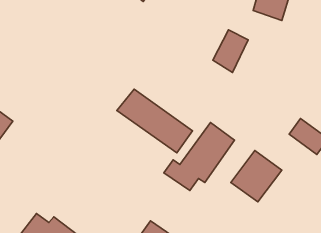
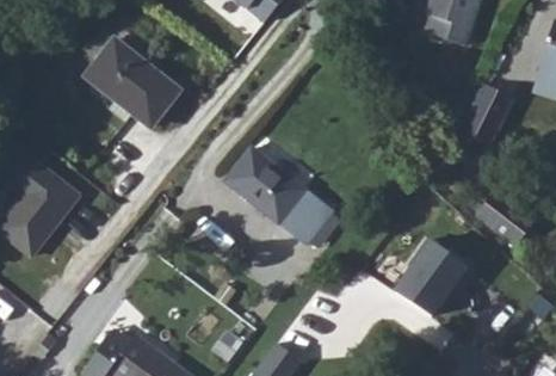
building: none -> [85,38,185,128]
building: [213,30,248,72] -> [461,86,512,148]
building: [164,123,234,191] -> none

